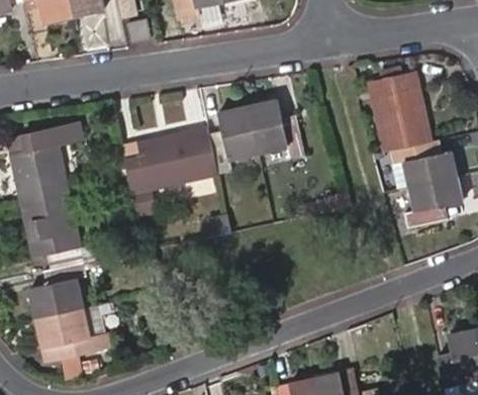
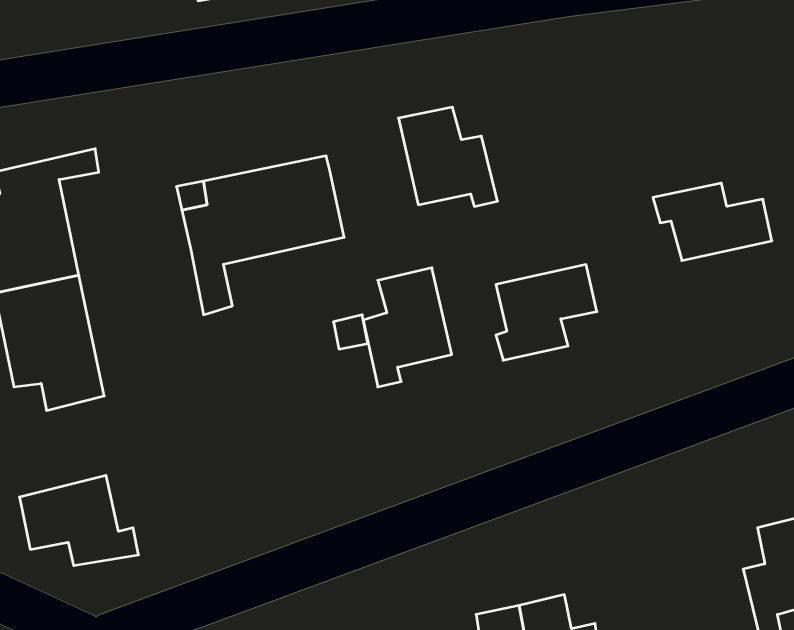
building: [369,70,431,152] -> none
building: [208,106,258,173] -> [363,268,452,387]
building: [405,175,462,228] -> [496,265,597,360]
building: [28,262,85,318] -> none

